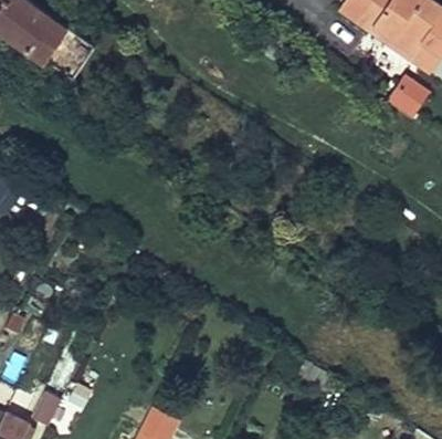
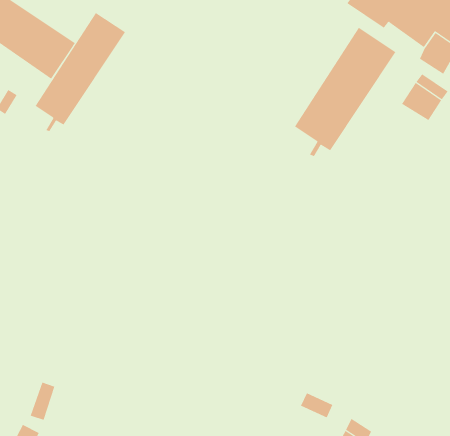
building: none -> [35,12,126,132]
building: none -> [294,27,396,157]

